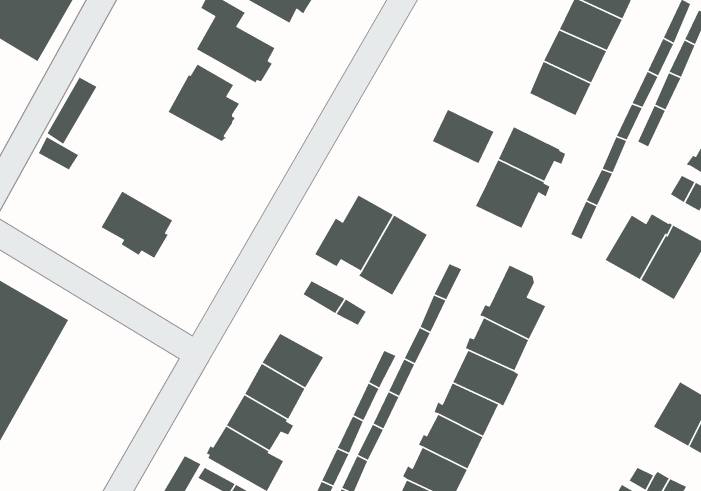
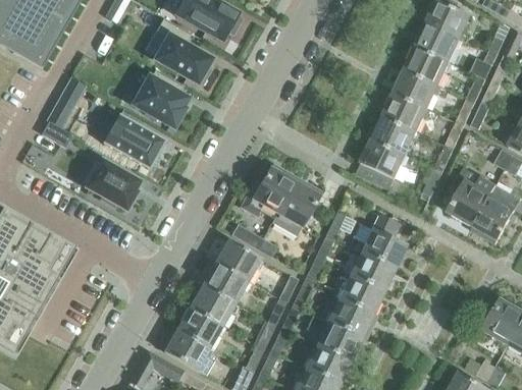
building: [432,109,495,164] -> [382,91,427,130]
building: none -> [104,114,165,168]
building: none -> [215,238,260,279]

